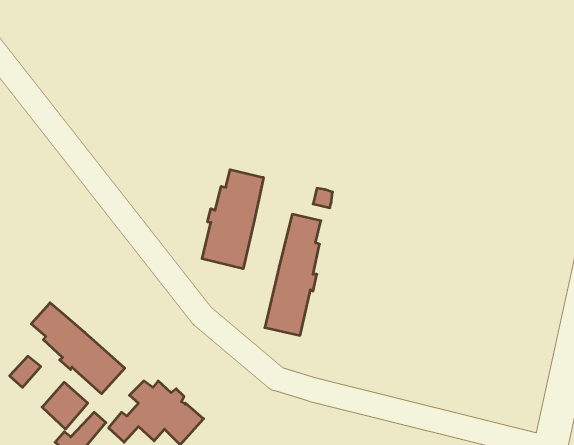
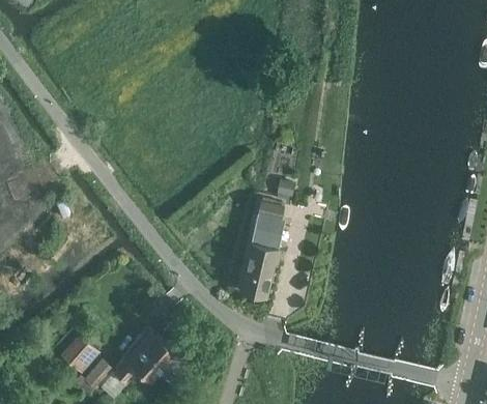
building: [202,170,263,269] -> none
building: [31,303,125,394] -> none

